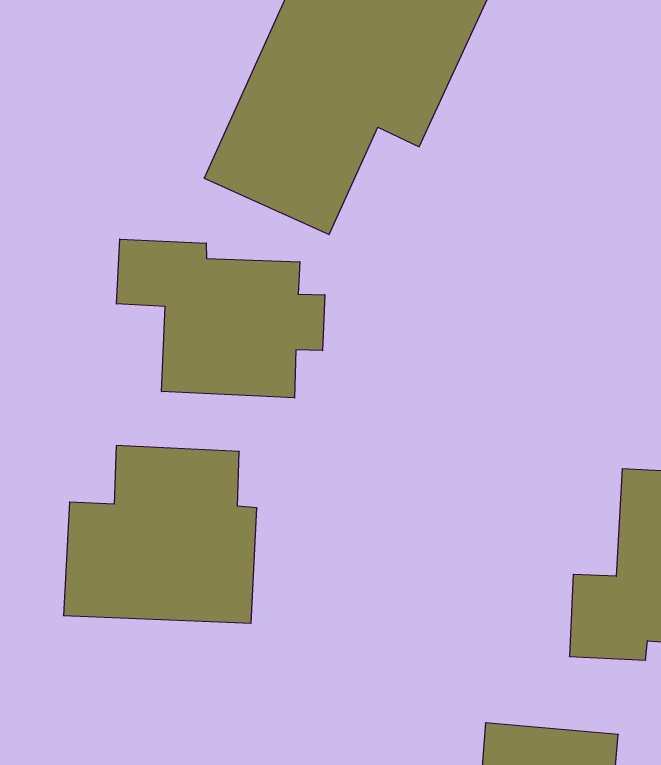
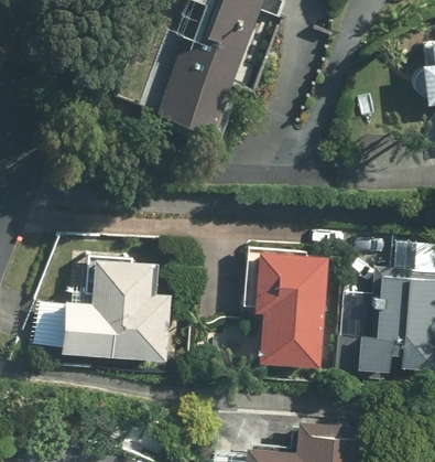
building: [116,239,325,398] -> none
building: none -> [251,246,327,368]

